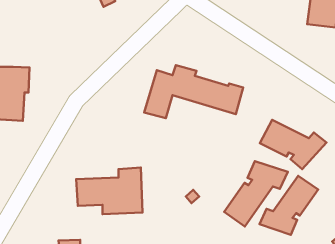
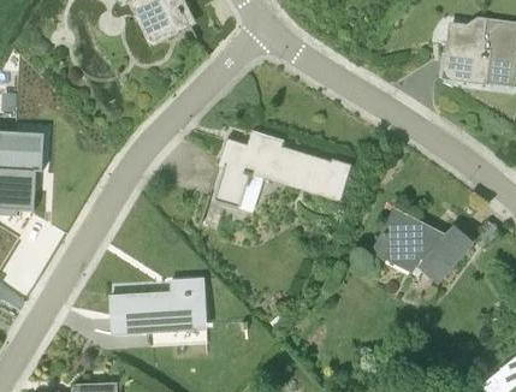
building: [224,161,288,226] -> none
building: [259,176,318,235] -> none

